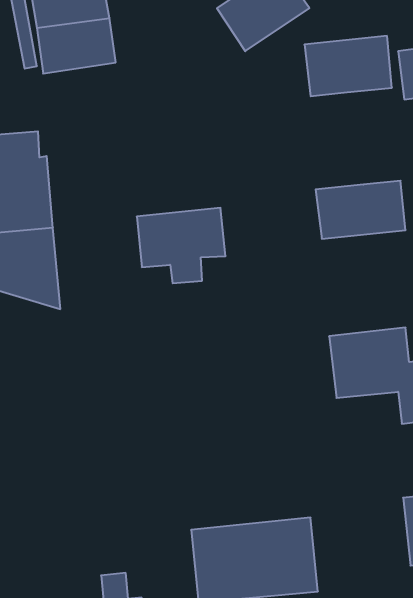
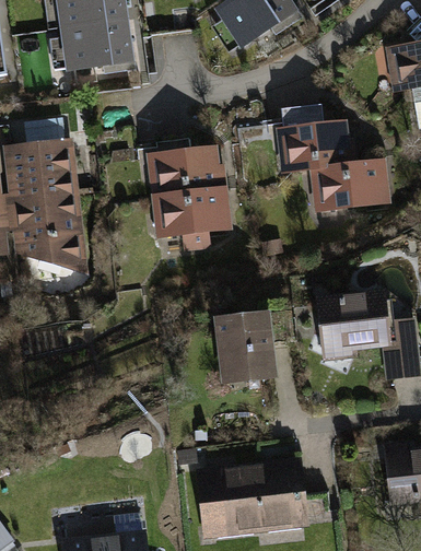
building: [304,36,392,96] -> [272,118,350,172]
building: none -> [145,144,223,192]
building: none -> [218,310,280,380]

